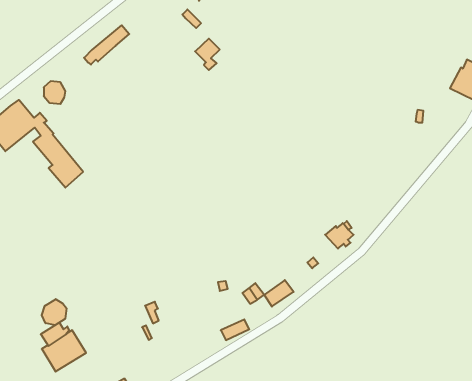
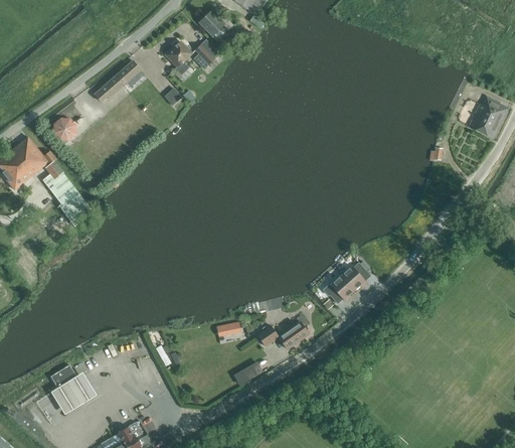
building: [195,39,220,70] -> [166,41,191,73]
building: none -> [323,275,354,303]
building: [42,299,66,325] -> none

